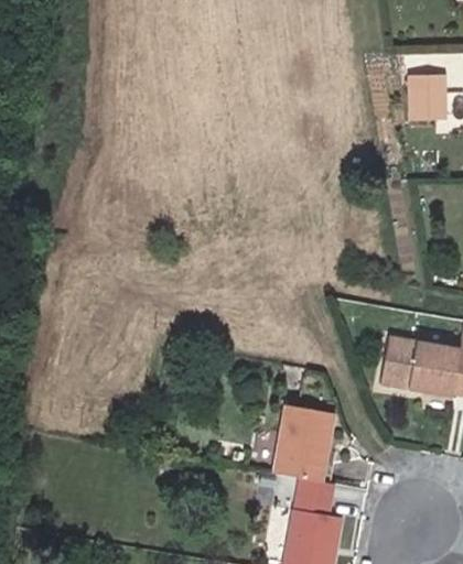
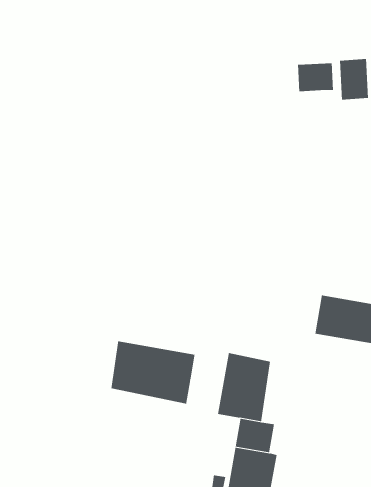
building: none -> [297,62,334,92]
building: none -> [111,341,195,404]

